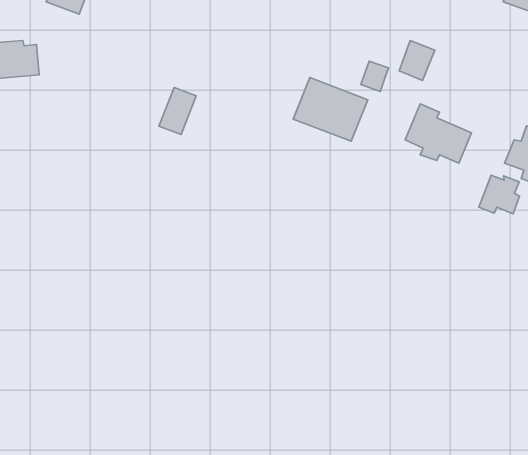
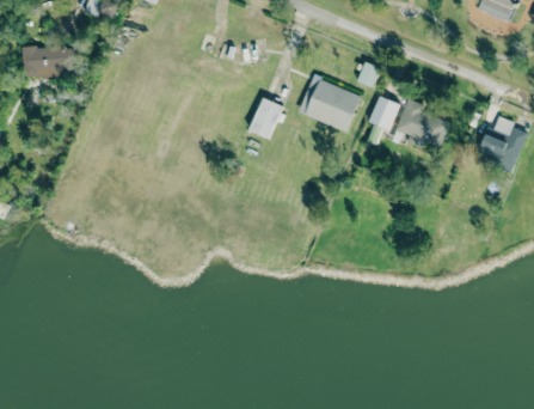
building: [399,40,435,80] -> [368,96,399,130]
building: [159,88,196,135] -> [248,98,281,139]
building: [479,175,520,214] -> none

